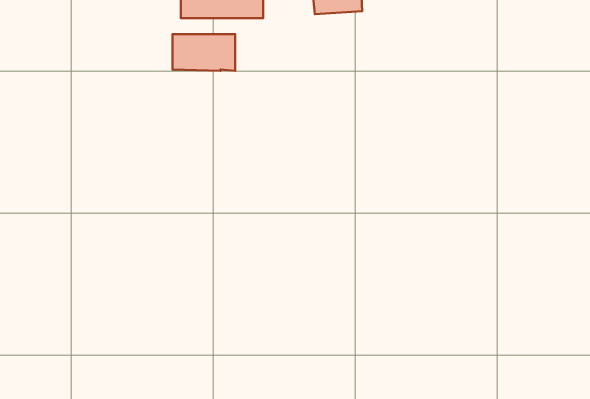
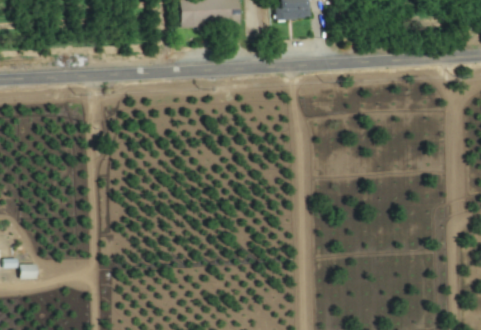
building: [172,34,235,71] -> none

